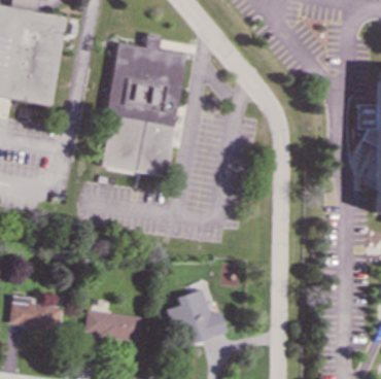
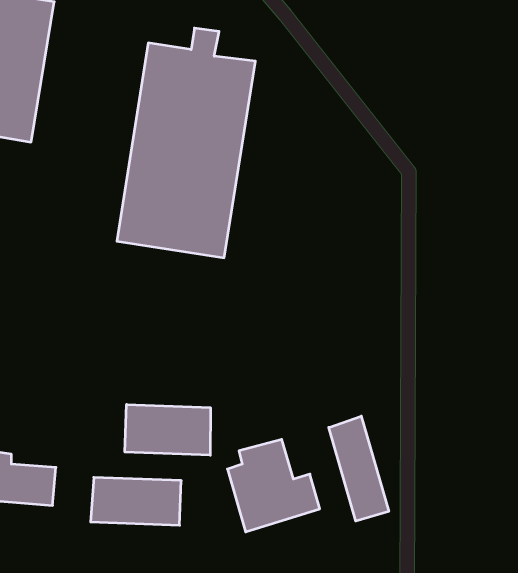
building: none -> [125,404,210,455]
building: none -> [329,416,389,521]

